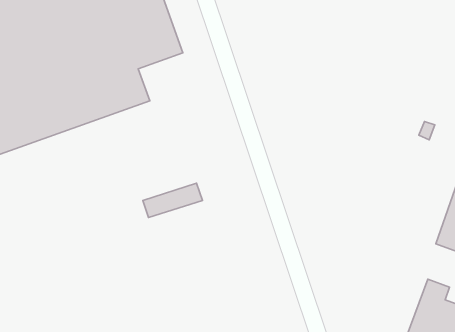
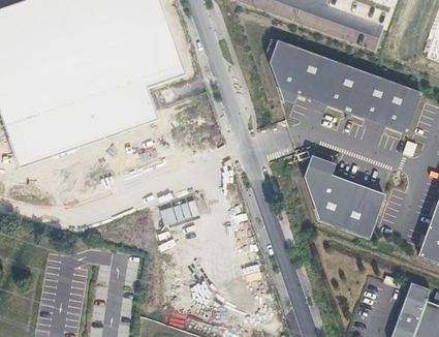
building: none -> [265,37,418,128]
building: none -> [303,152,385,234]

